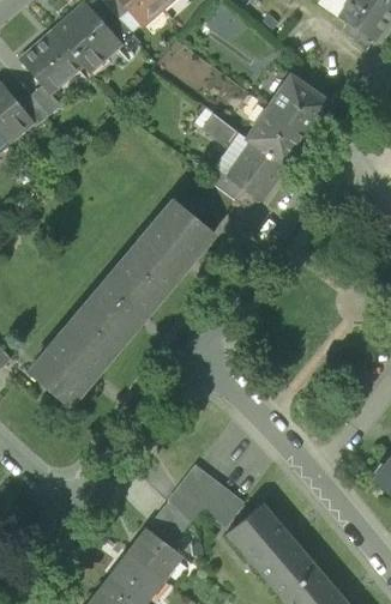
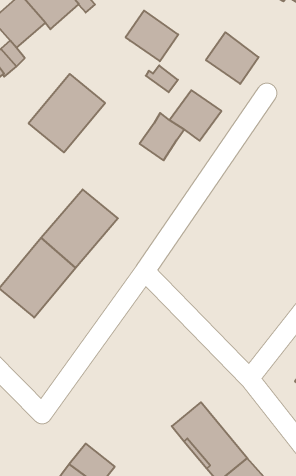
building: [247,108,308,167] -> [126,11,178,61]
building: [126,200,215,291] -> [29,74,105,152]
building: [151,469,243,544] -> none
building: [130,528,181,579] -> none

